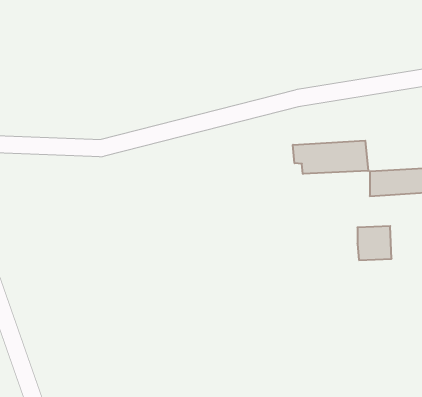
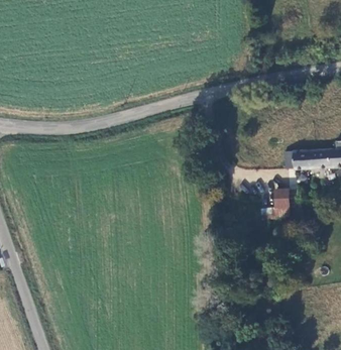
building: [293,141,368,174] -> none

